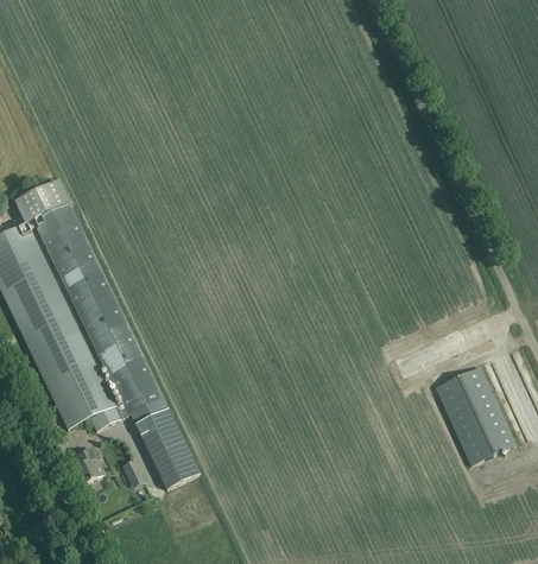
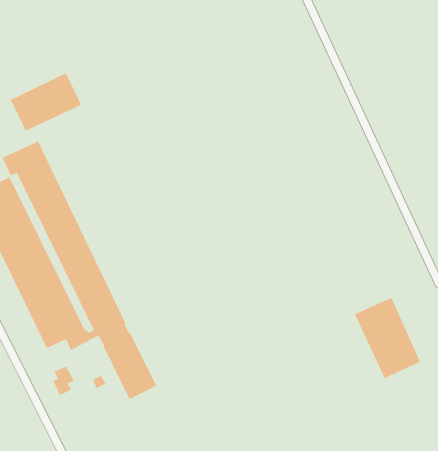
building: none -> [10,72,82,132]

